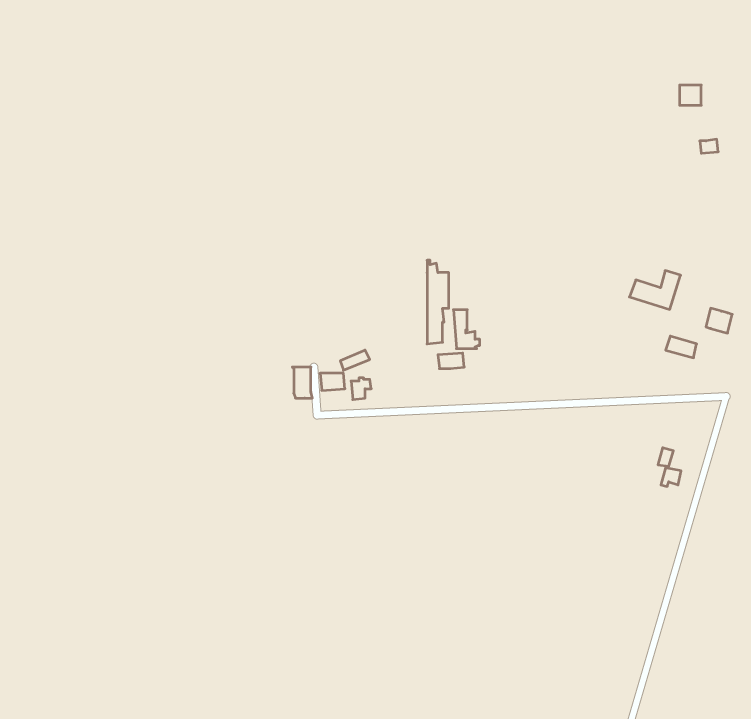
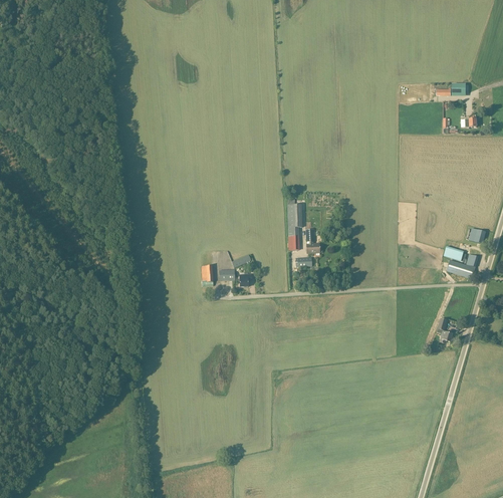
building: [629,271,681,309] -> [445,253,478,278]

